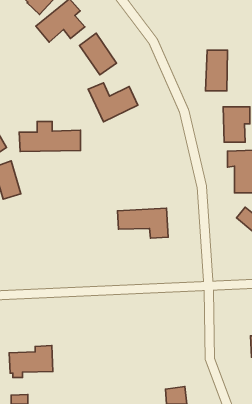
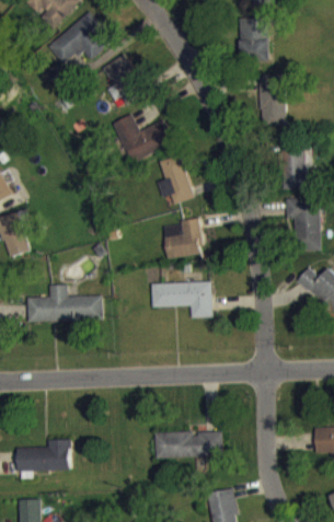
building: none -> [239,18,268,62]
building: none -> [156,142,193,193]
building: [19,121,80,152] -> [26,285,102,322]
building: none -> [162,220,203,258]
building: none -> [153,431,222,459]

